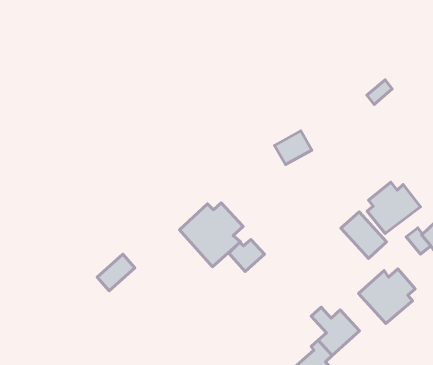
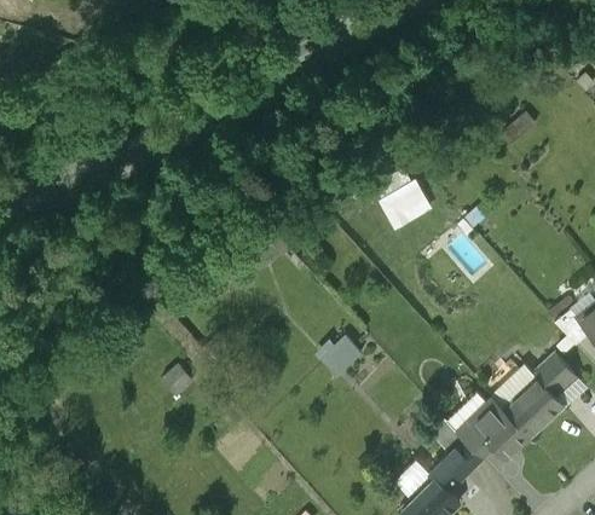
building: [367,182,420,233] -> none
building: [180,203,243,267] -> none
building: [341,212,387,258] -> [470,399,531,461]

